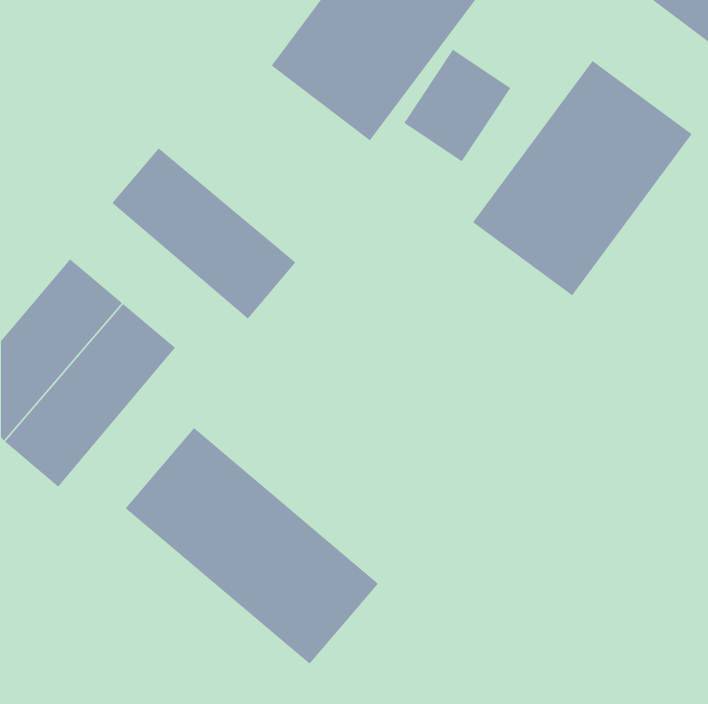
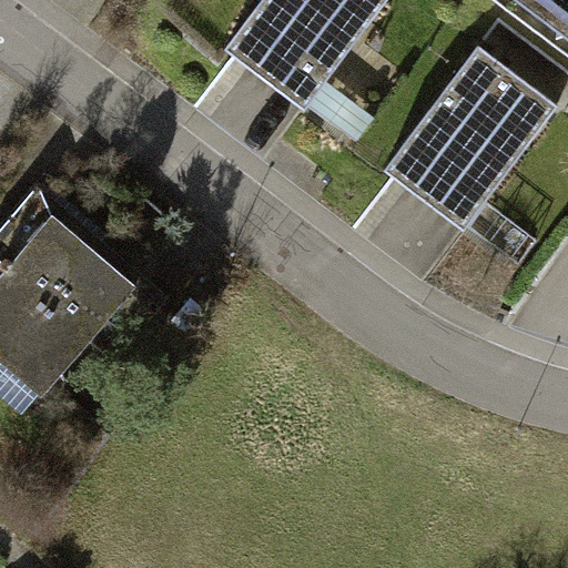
building: [111,148,296,320] -> none
building: [125,427,379,665] -> none

